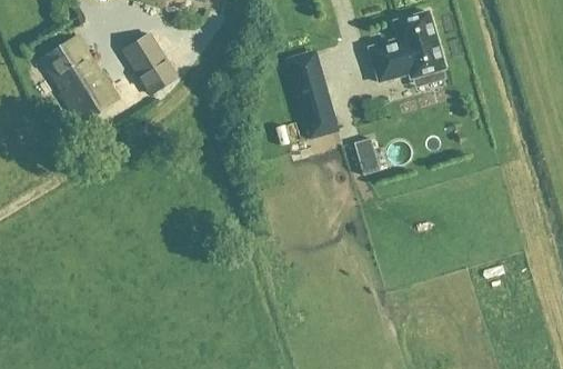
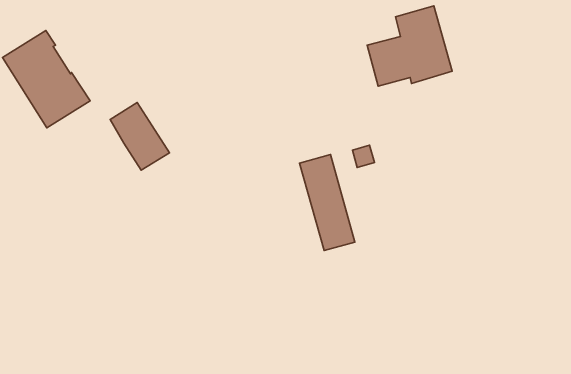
building: [124,32,178,93] -> [110,102,169,170]
building: [288,52,338,139] -> [300,154,355,251]

